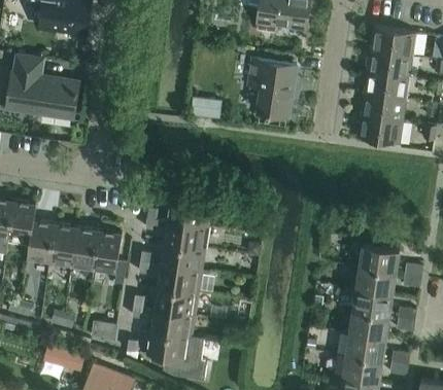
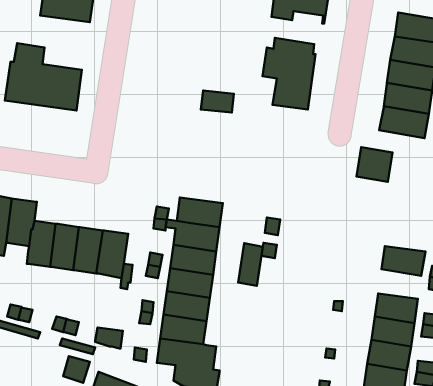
building: none -> [356,147,393,182]
building: none -> [238,243,263,286]
building: [355,267,396,294] -> none

